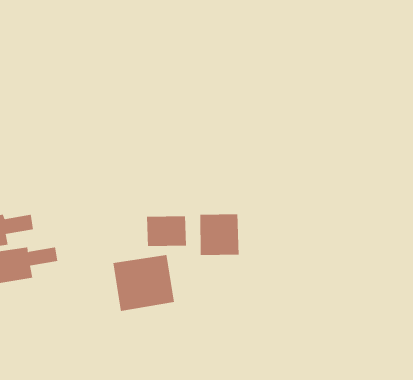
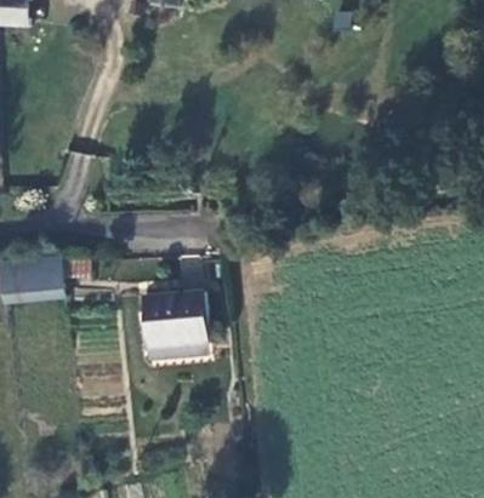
building: [200,213,239,256] -> none

